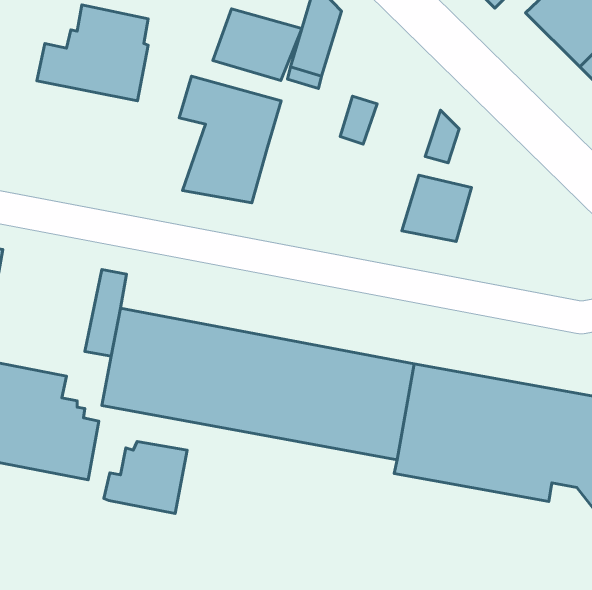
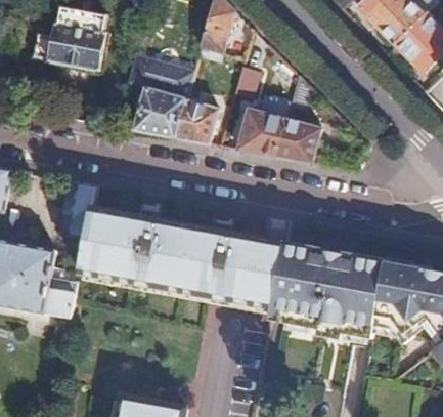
building: [213,9,302,81] -> none
building: none -> [177,99,218,142]
building: none -> [237,109,287,155]
building: [104,441,187,513] -> none

